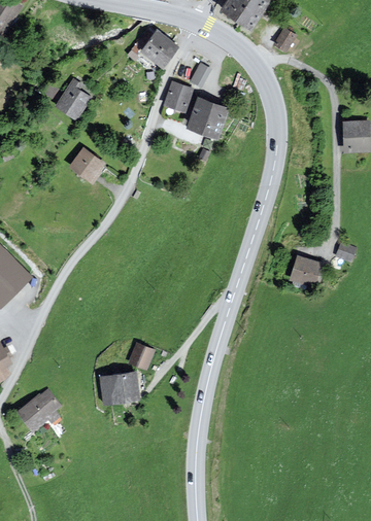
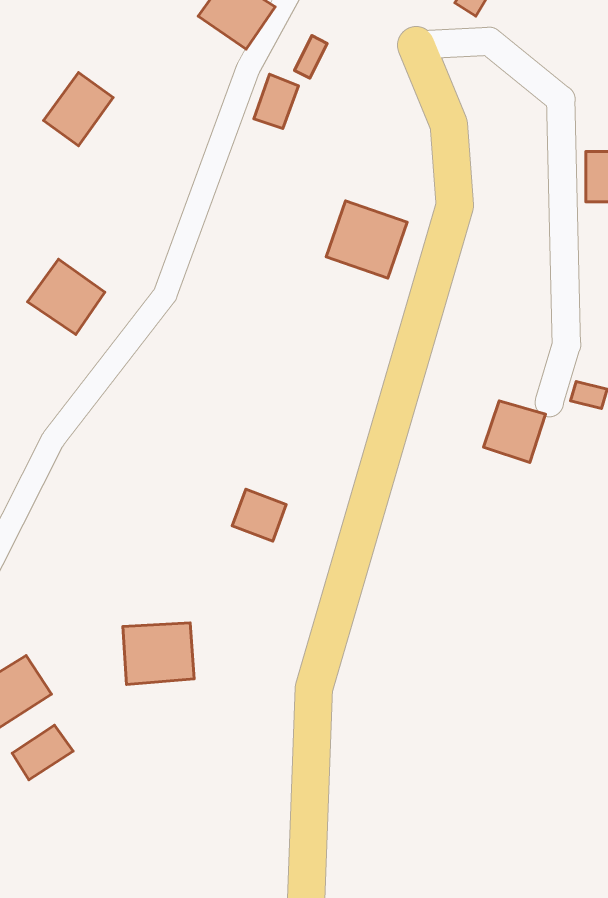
building: [190,94,233,135] -> [326,201,407,278]
building: [71,142,112,182] -> [28,259,105,335]
building: [127,340,156,368] -> [232,489,286,541]
building: none -> [12,725,73,780]

